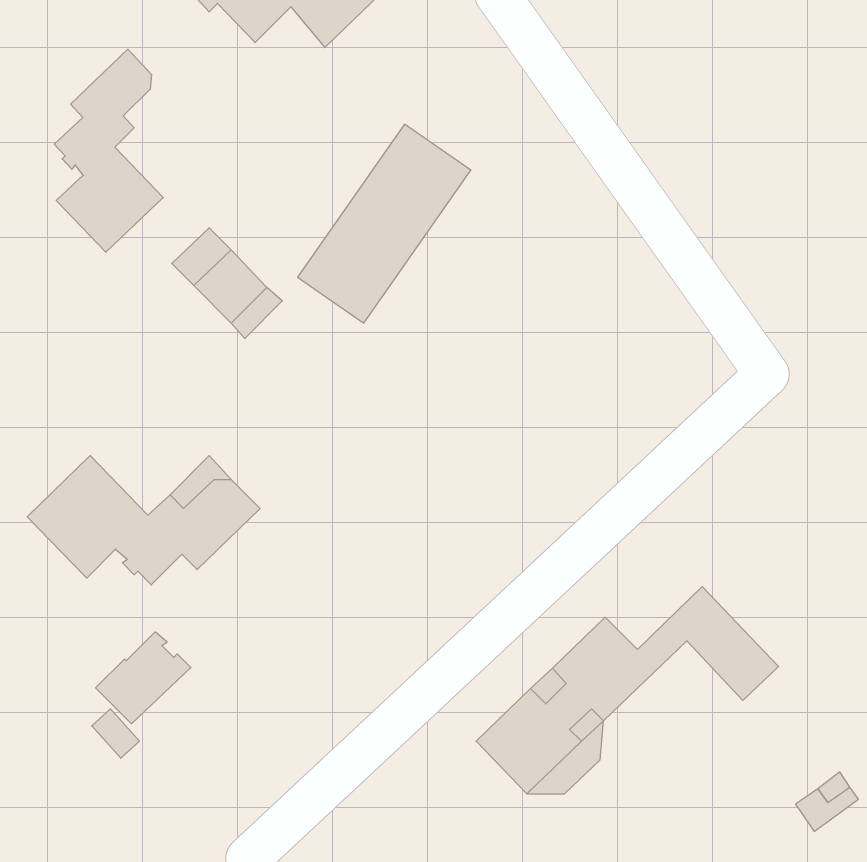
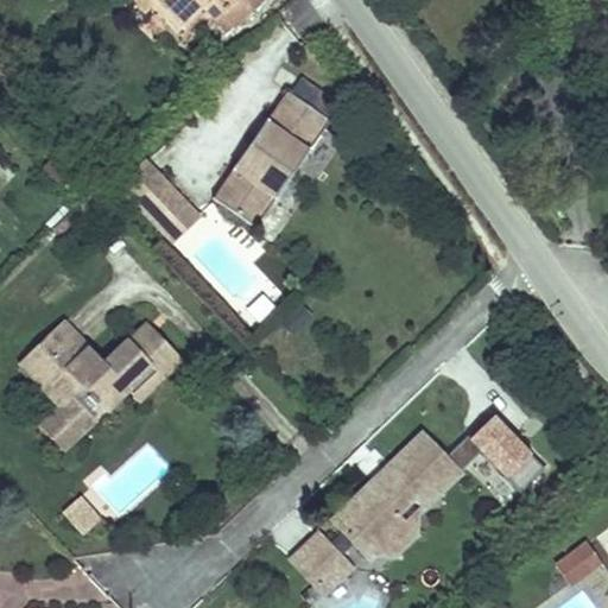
building: [54,49,163,252] -> none
building: [96,632,191,724] -> [40,384,107,448]
building: none -> [292,530,353,590]

